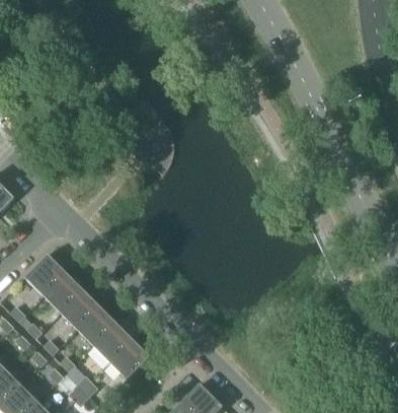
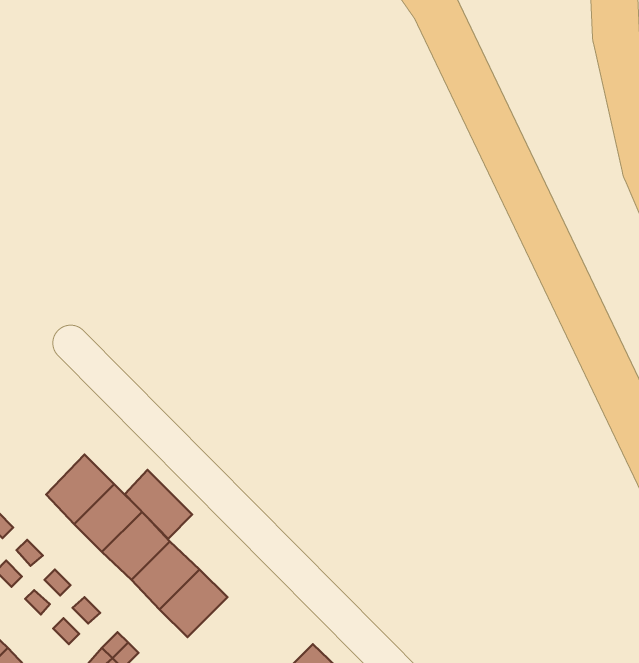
building: [24,255,66,296] -> none
building: none -> [125,470,192,539]

